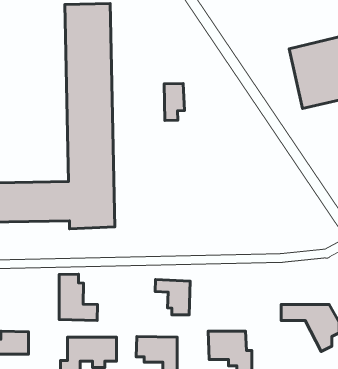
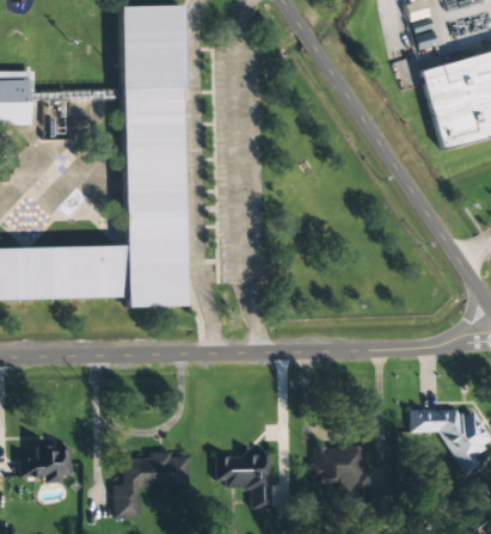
building: [164,83,184,121] -> none
building: [59,274,97,320] -> none
building: [155,280,190,315] -> none

